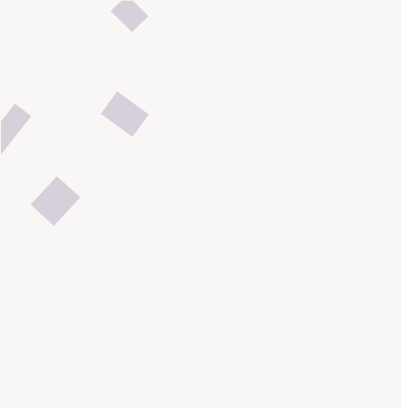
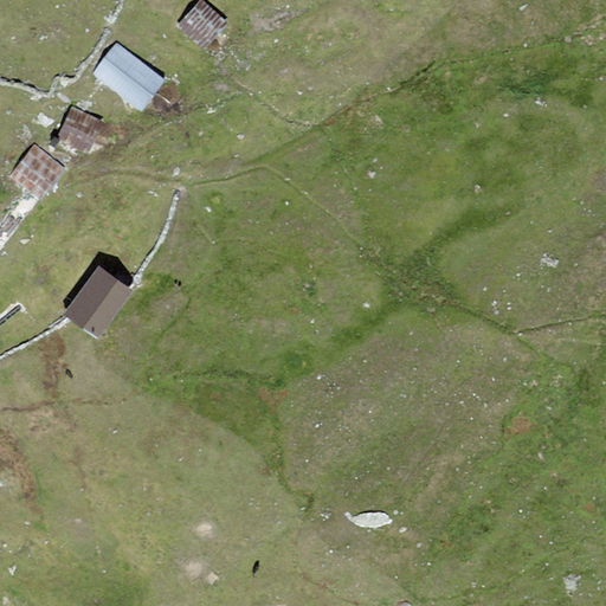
building: none -> [54,105,104,157]
building: [100,91,150,138] -> [94,40,167,110]

